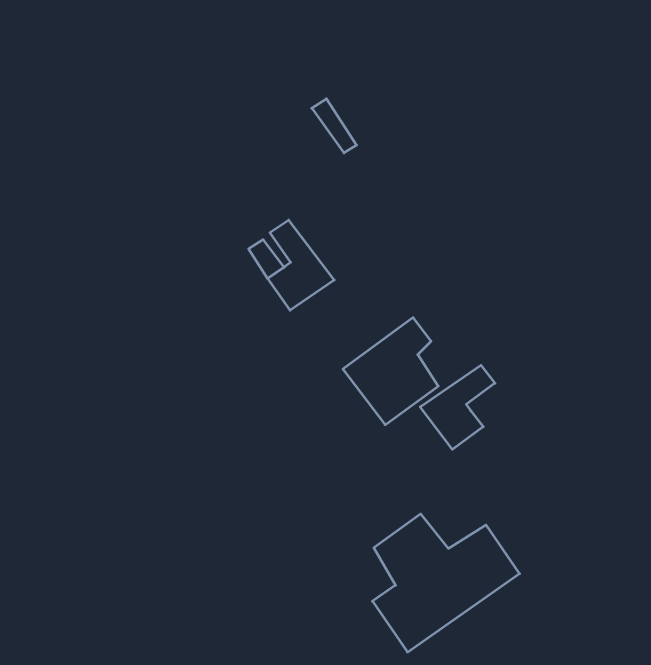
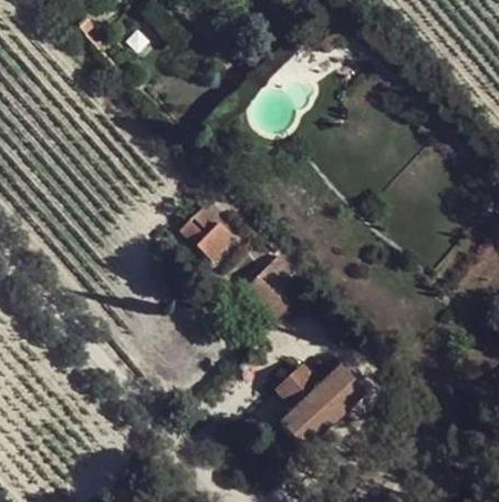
building: [420,365,495,449] -> none

